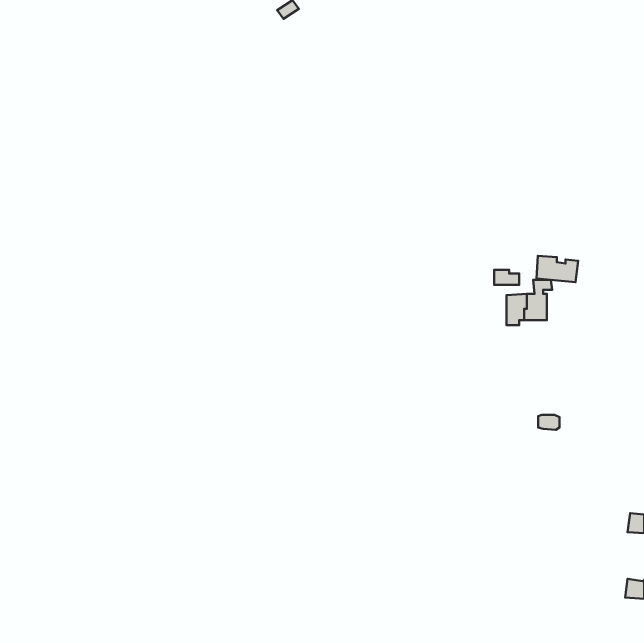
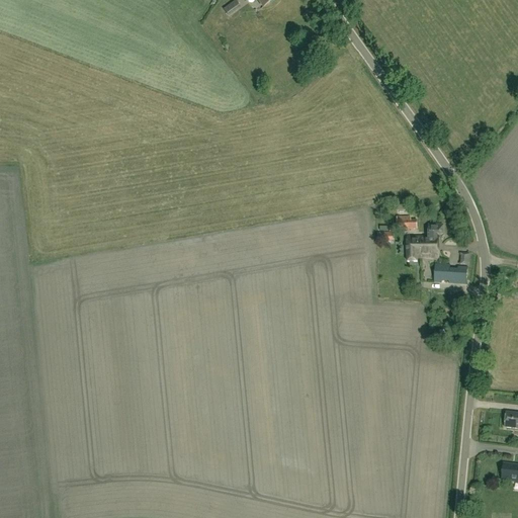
building: [537,256,578,282] -> [434,263,467,284]

